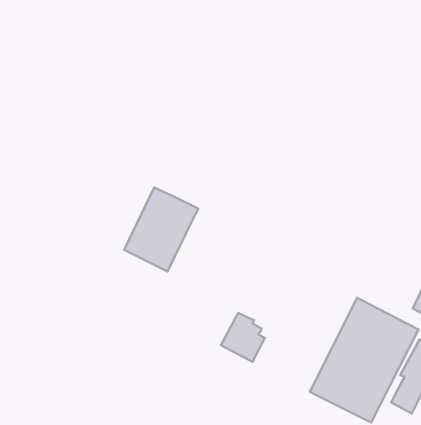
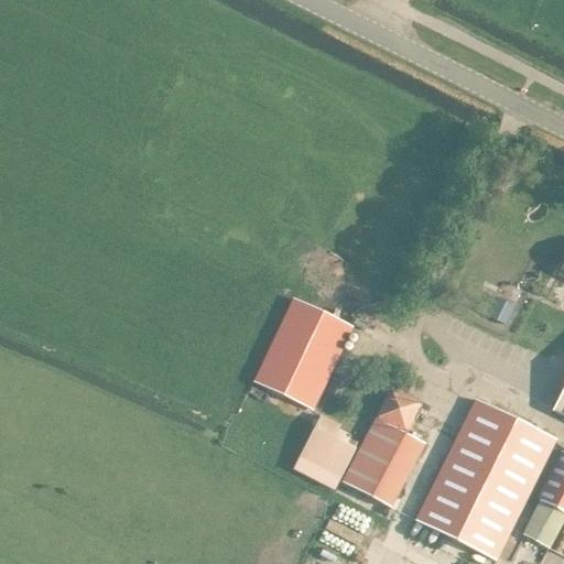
building: [124,188,198,272] -> [254,297,352,409]
building: none -> [343,388,426,507]

